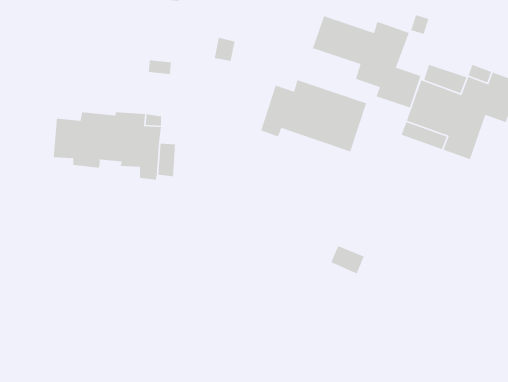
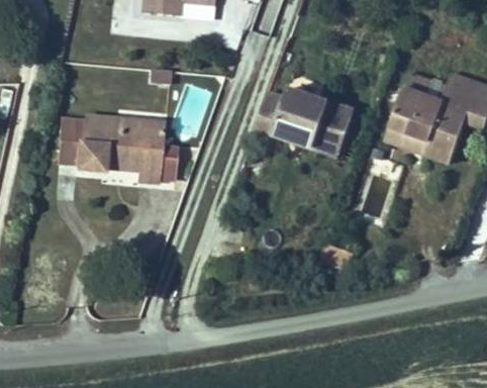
building: [312,15,421,108] -> none

